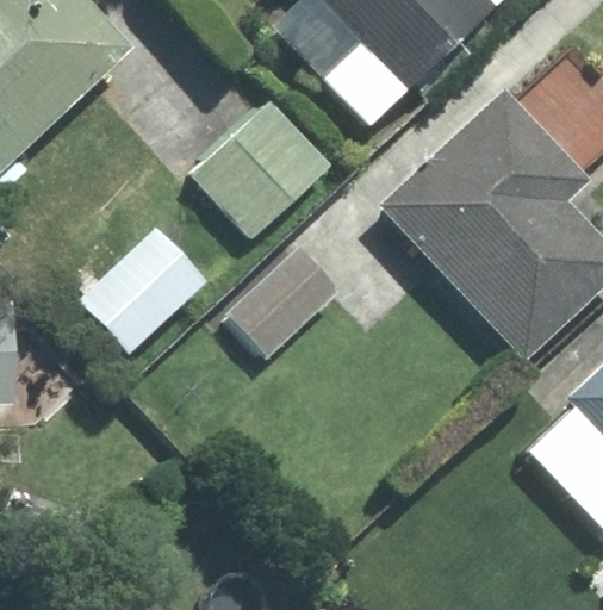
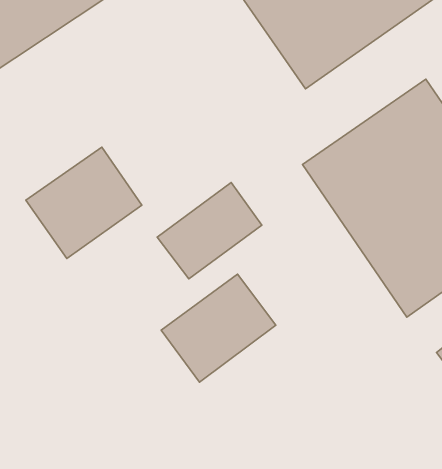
building: [192,99,331,238] -> none
building: none -> [161,274,276,382]

